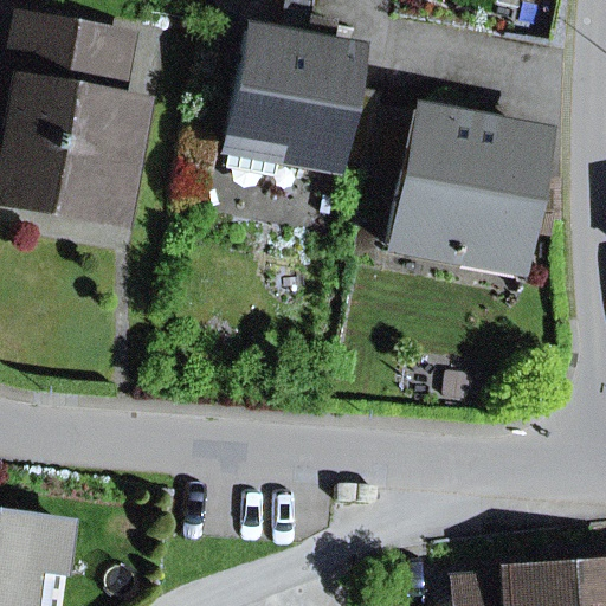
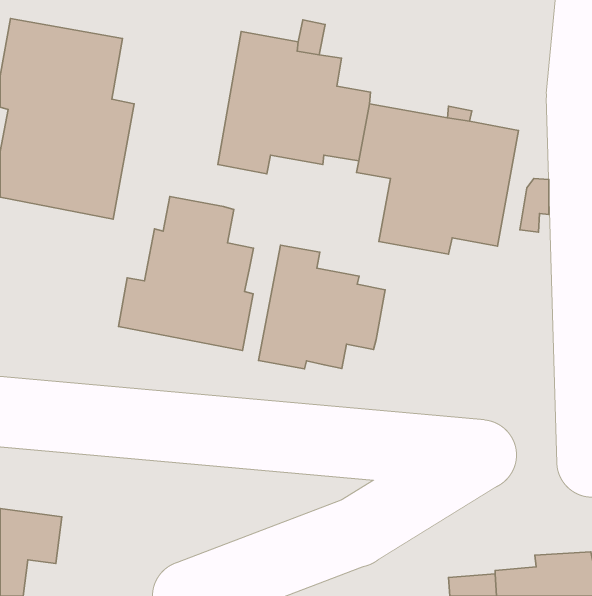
building: none -> [119,197,254,350]
building: none -> [259,245,385,369]

